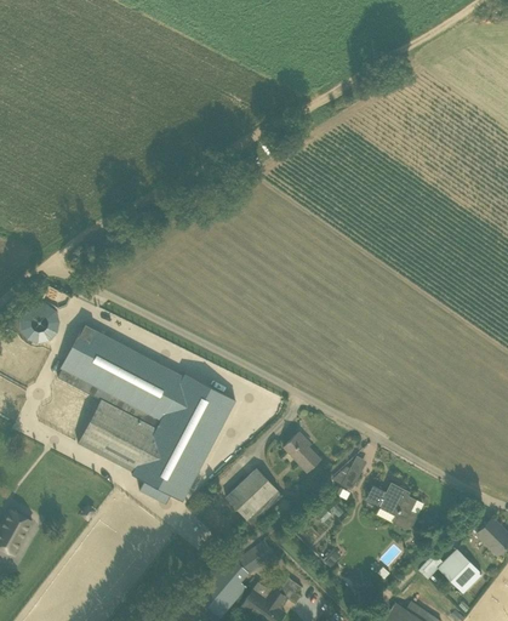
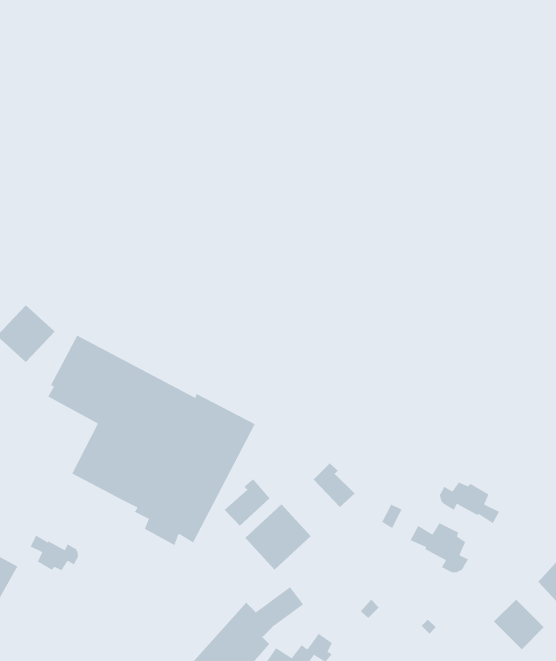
building: none -> [224,478,271,526]
building: none -> [439,481,500,524]
building: none -> [29,534,79,571]

